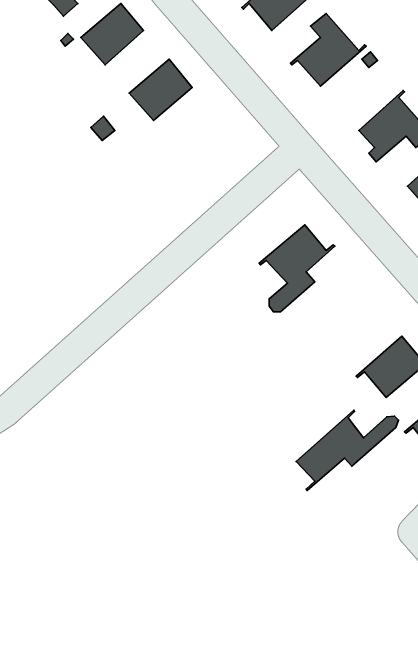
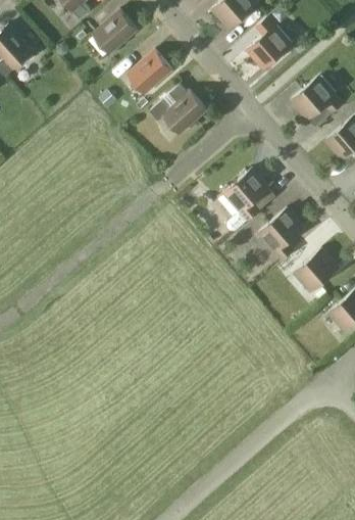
building: none -> [150,85,206,135]
building: none -> [254,208,308,261]
building: [296,410,399,491] -> none

